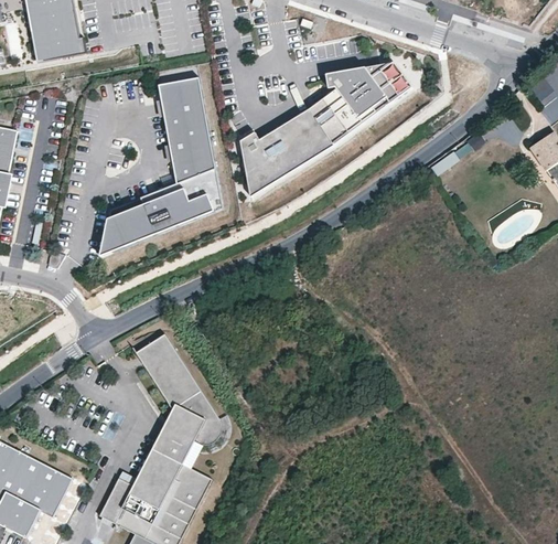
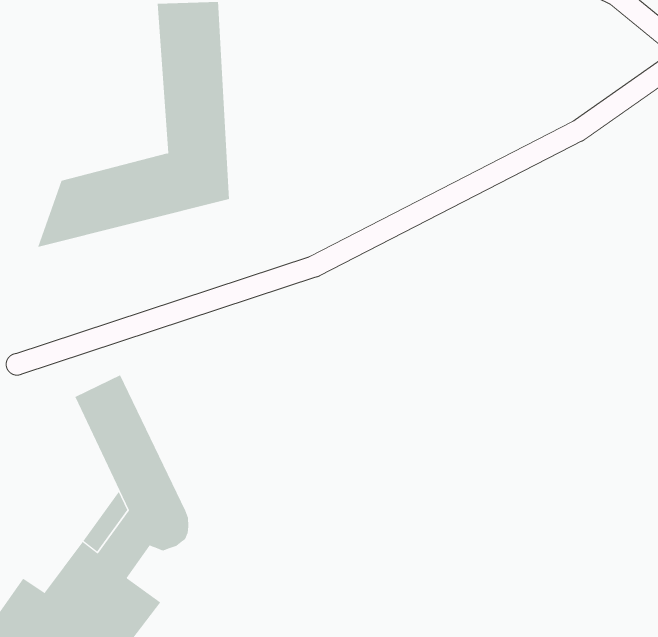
building: [239,62,410,195] -> none

